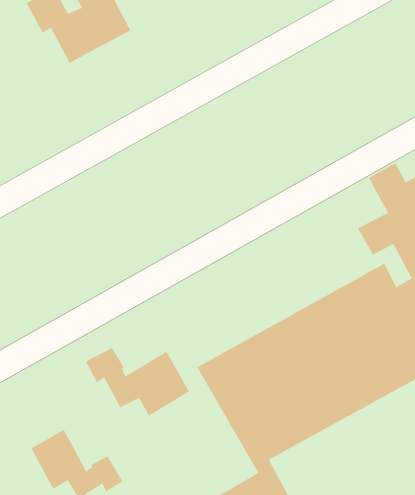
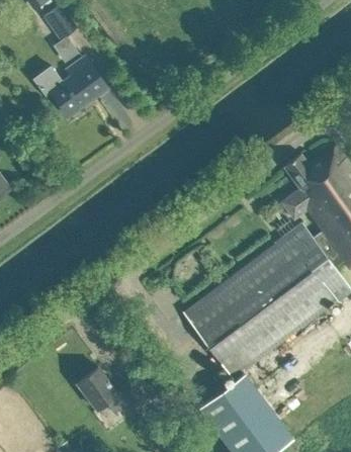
building: [85,347,190,416] -> none

